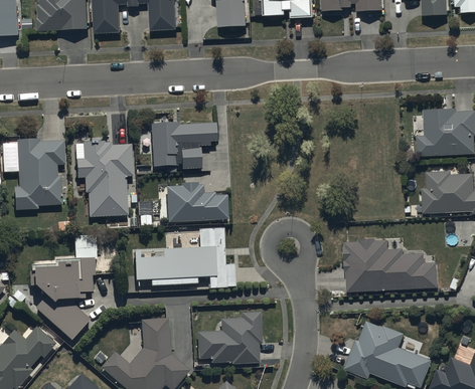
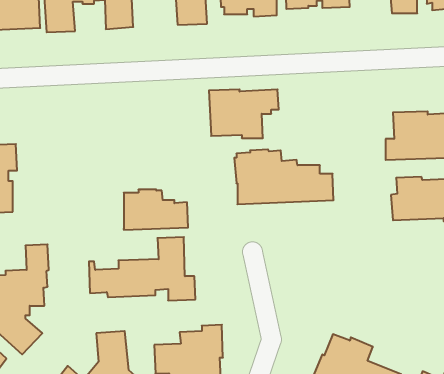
building: [150,123,216,169] -> [209,89,279,138]
building: [75,139,133,216] -> none
building: [343,238,438,290] -> [234,149,334,204]

